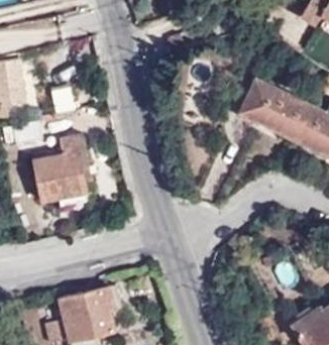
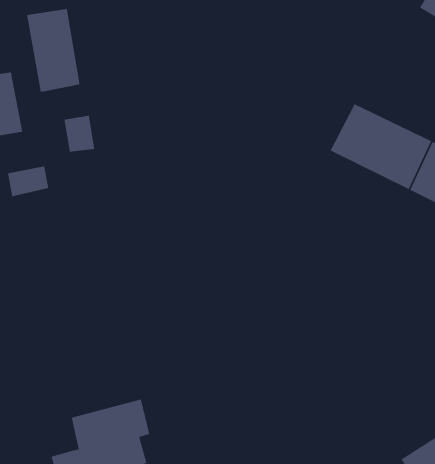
building: none -> [26,8,81,93]
building: [31,136,93,201] -> none

